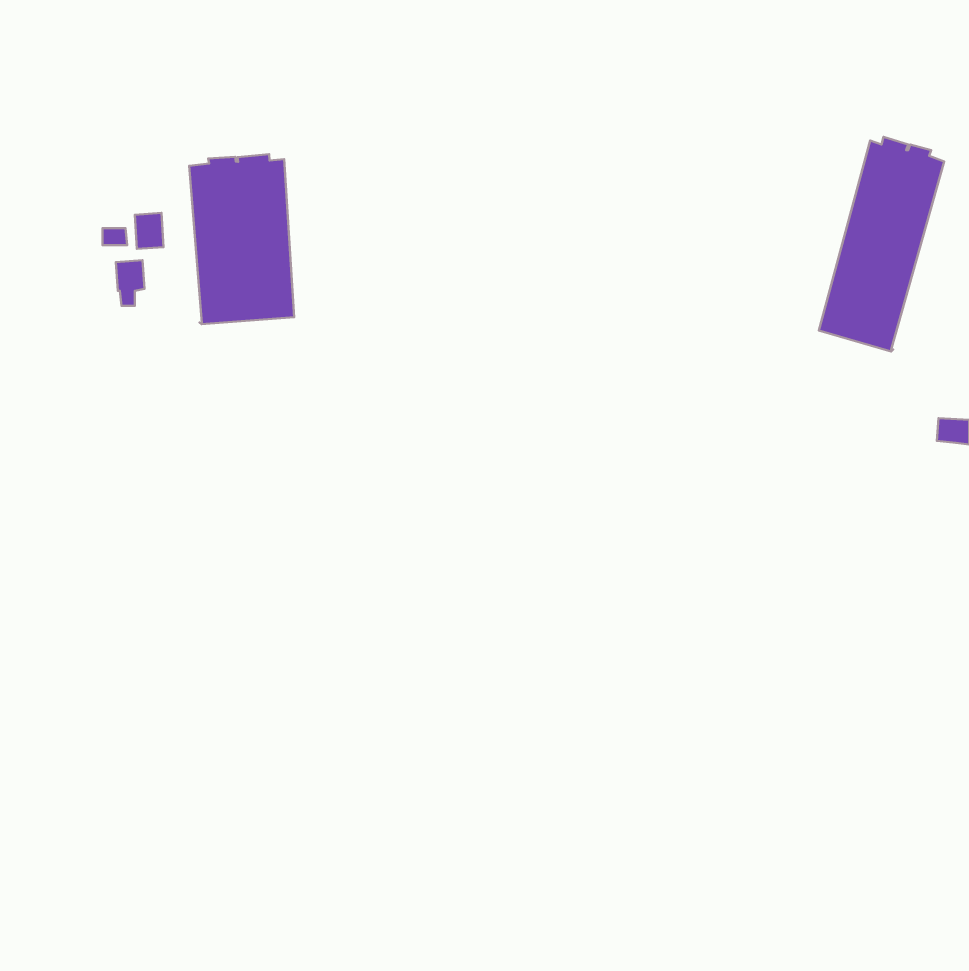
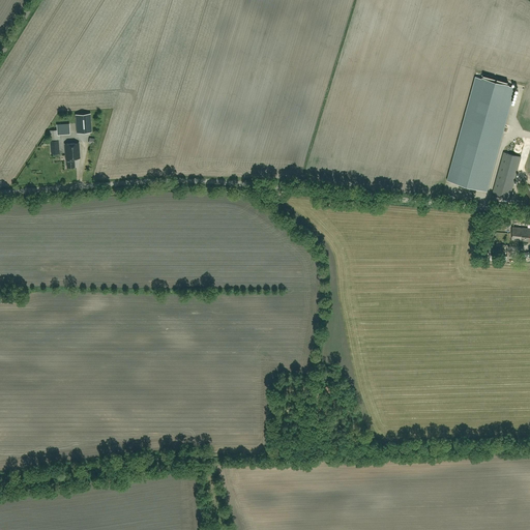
building: [189,154,294,324] -> none
building: none -> [492,152,520,198]

